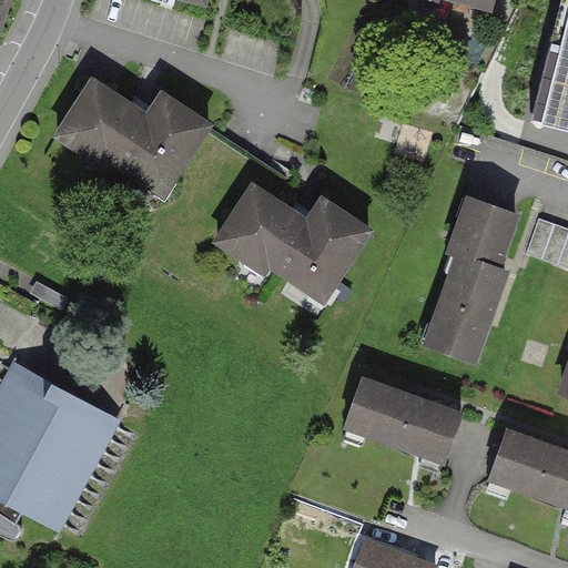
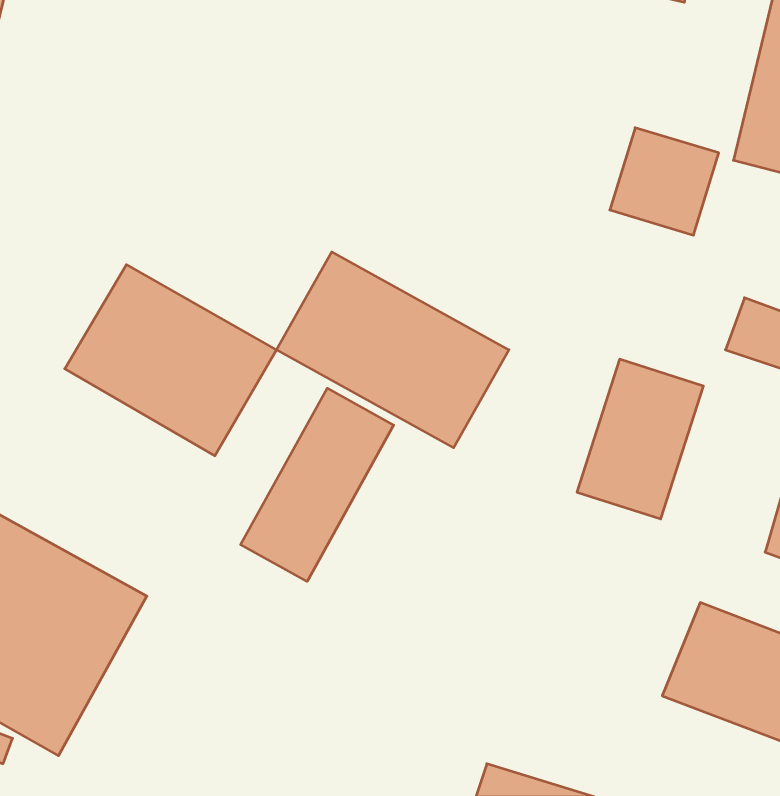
building: [59,65,207,200] -> [65,265,277,456]
building: [440,192,517,267] -> [610,128,719,235]
building: none -> [241,388,394,581]
building: [347,373,467,475] -> none

